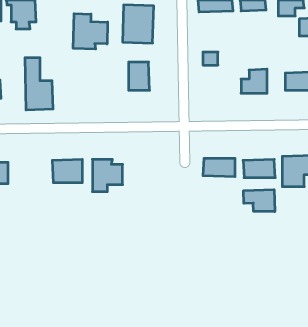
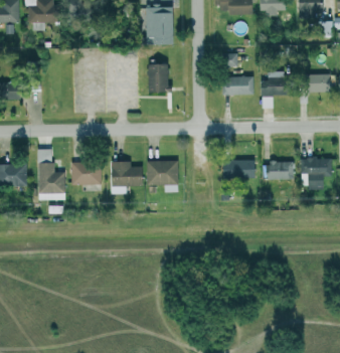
building: [73,14,108,49] -> none
building: [25,58,53,110] -> [38,148,66,200]
building: none -> [222,76,254,95]
building: none -> [147,160,178,185]
building: [244,190,275,212] -> none

